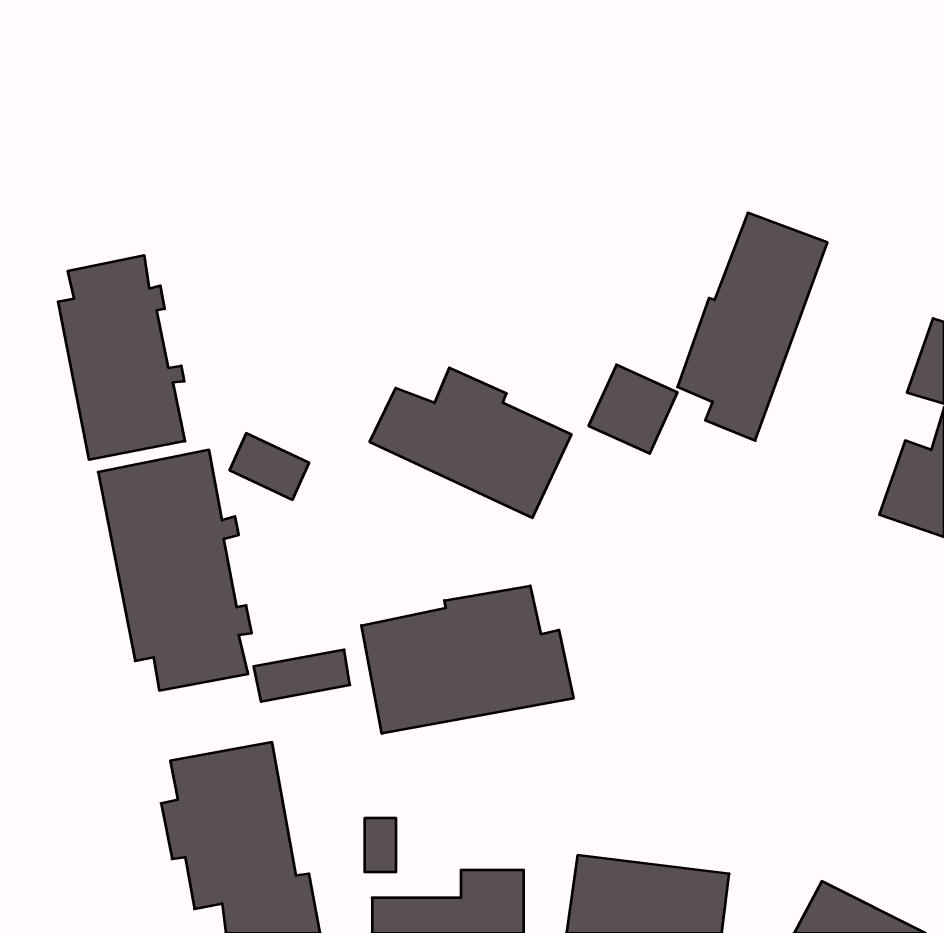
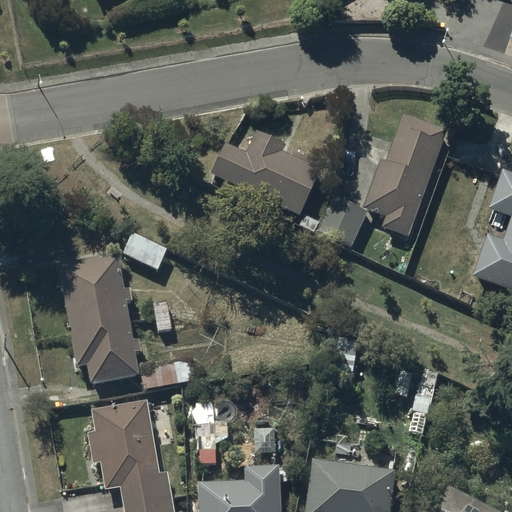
building: [58,255,185,460] -> none
building: [370,368,571,518] -> [213,135,322,216]
building: [361,586,573,734] -> none

